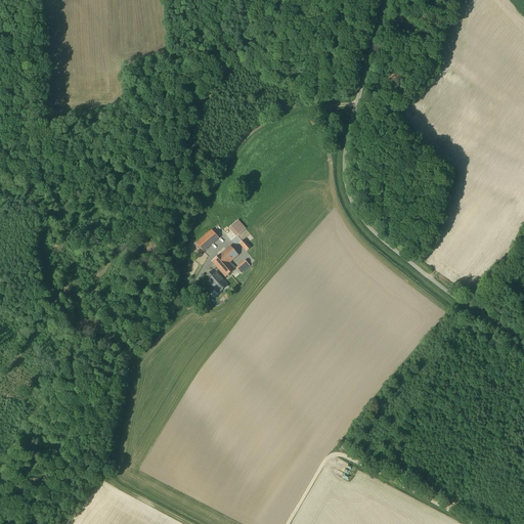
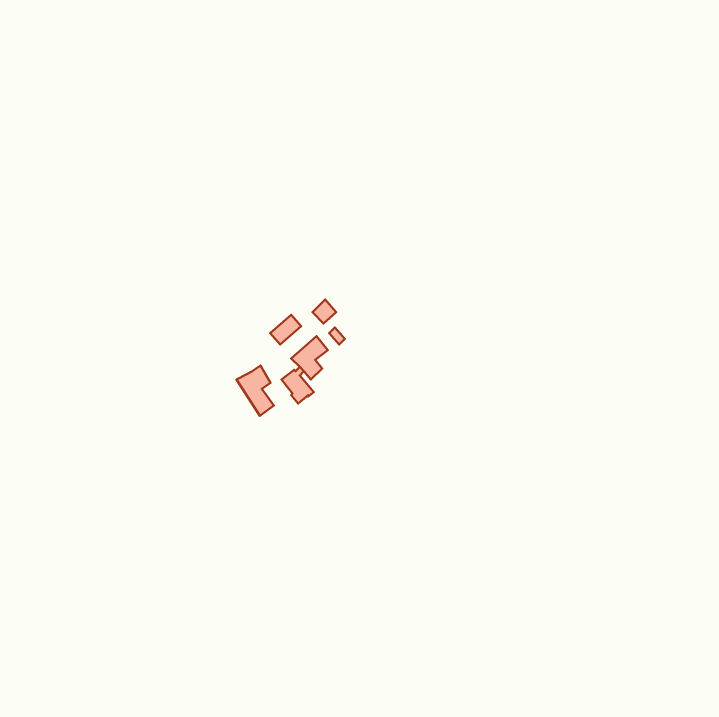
building: none -> [237,365,274,416]

